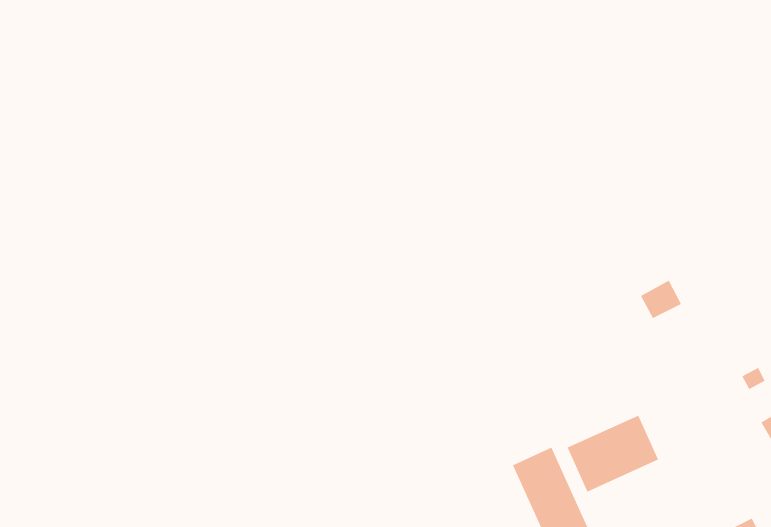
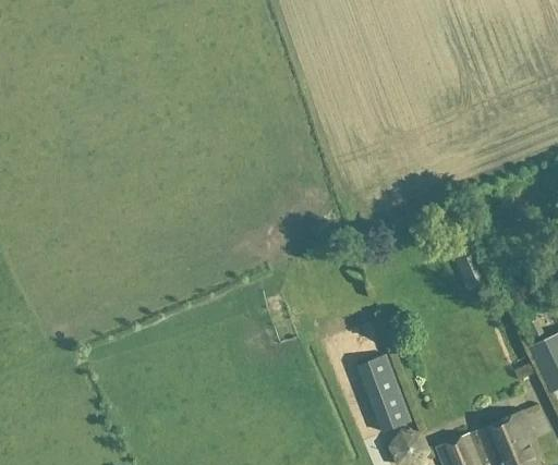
building: [567,415,659,492] -> none

